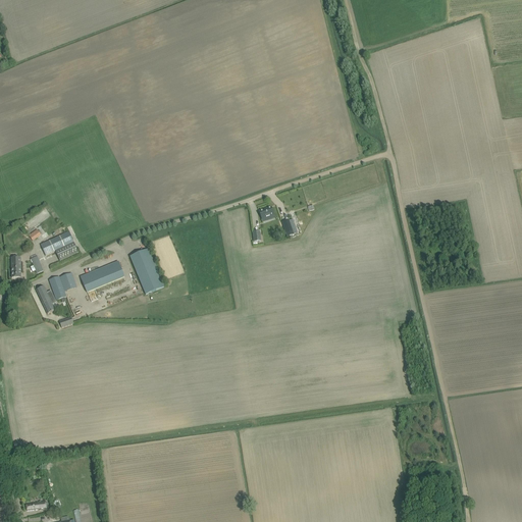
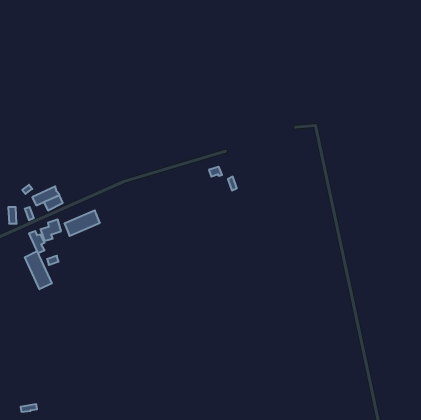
building: [129,248,164,293] -> none
building: none -> [25,251,52,289]

